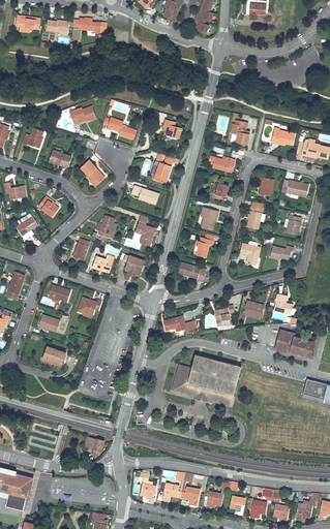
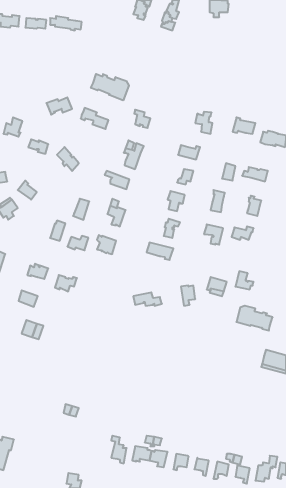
building: none -> [91,74,129,100]
building: [172,354,240,405] -> none

